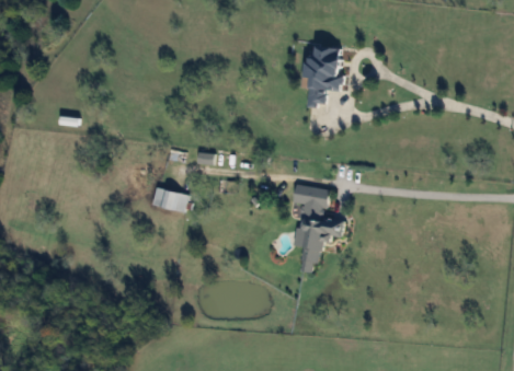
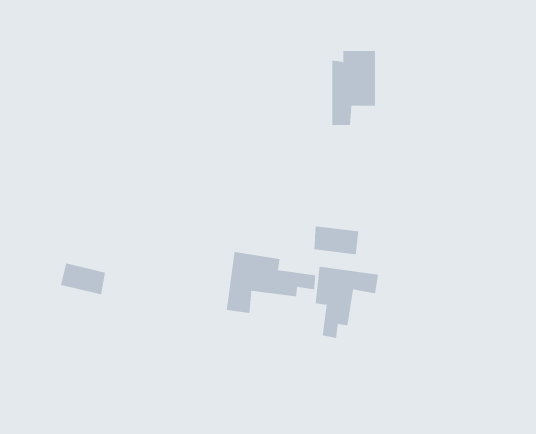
building: [150,187,186,212] -> [60,263,106,295]
building: none -> [226,251,316,314]

